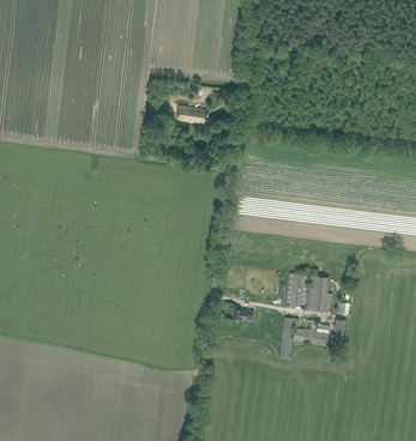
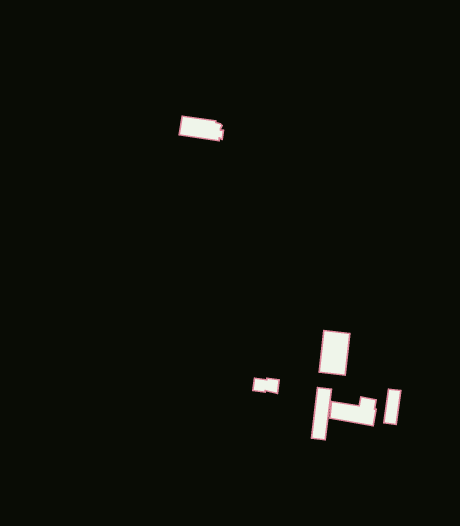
building: [306,276,331,312] -> none

